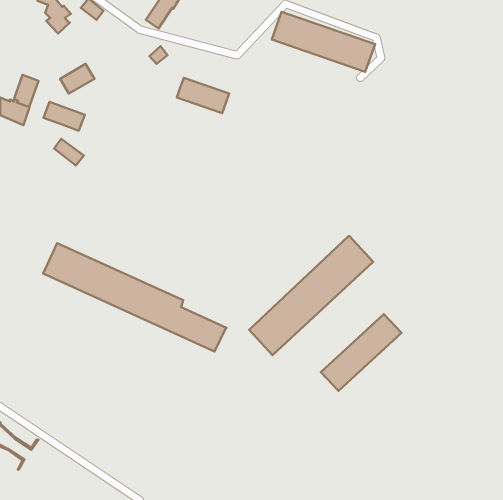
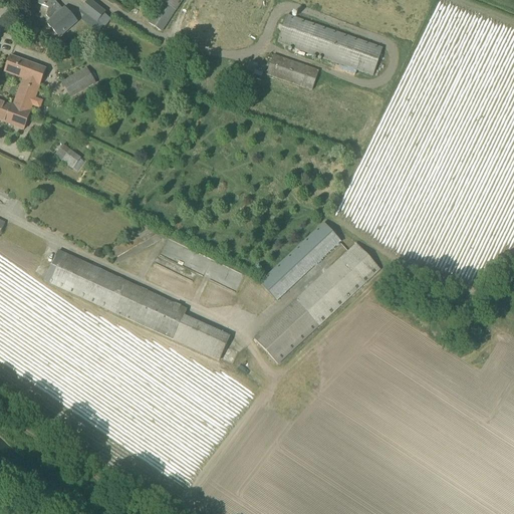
building: [177,78,229,113] -> [266,52,319,88]
building: [44,102,85,131] -> [4,53,46,82]
building: [321,314,402,391] -> [260,221,342,299]

